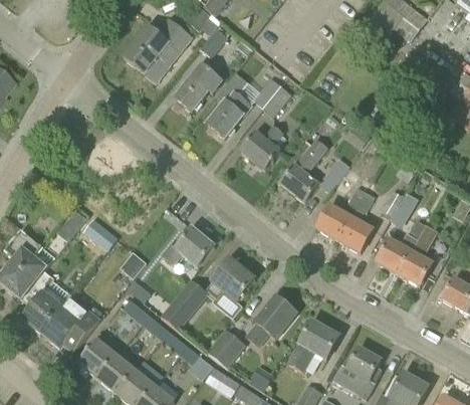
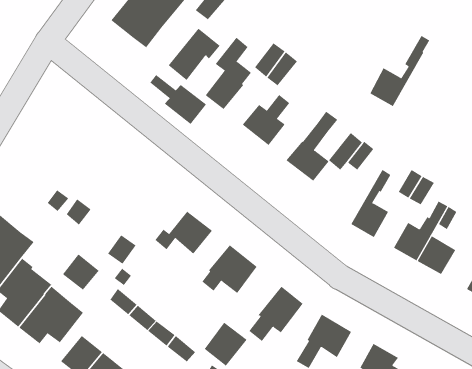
building: none -> [149,74,207,125]
building: [317,176,372,240] -> [370,35,430,107]
building: none -> [62,254,99,291]
building: [161,287,201,330] -> none

